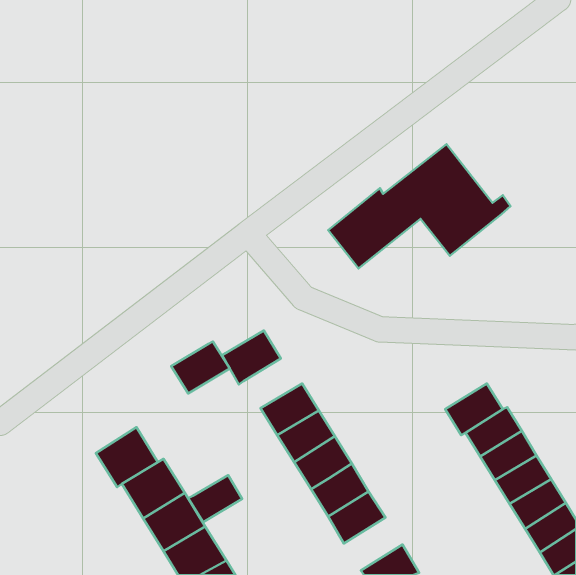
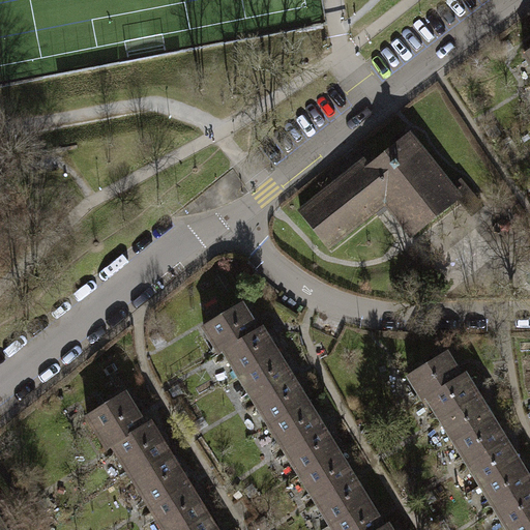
building: [171,341,230,393] -> [224,327,277,375]
building: [188,475,242,522] -> none
building: none -> [316,475,370,524]

